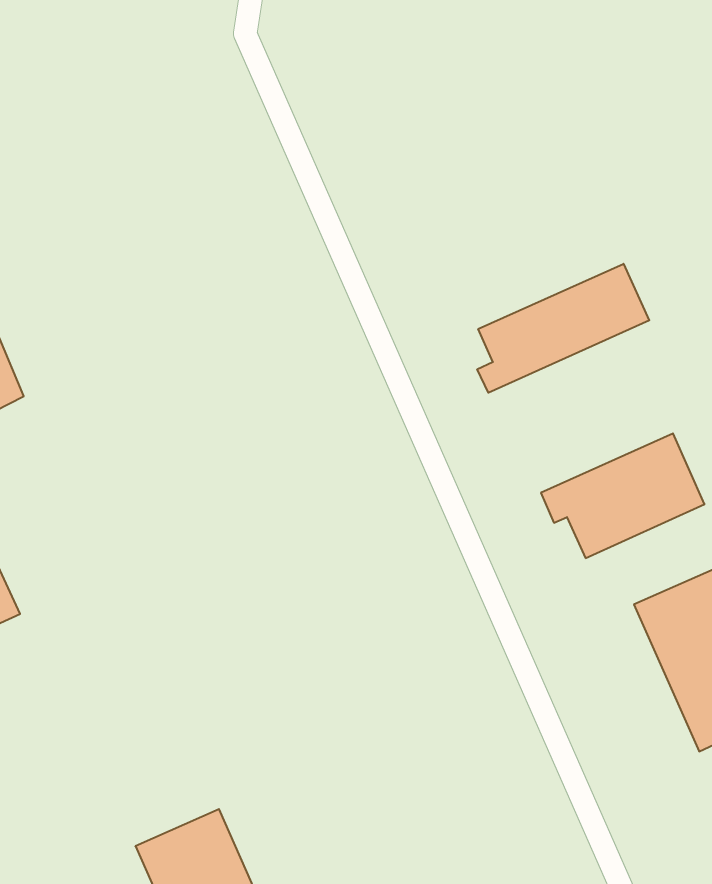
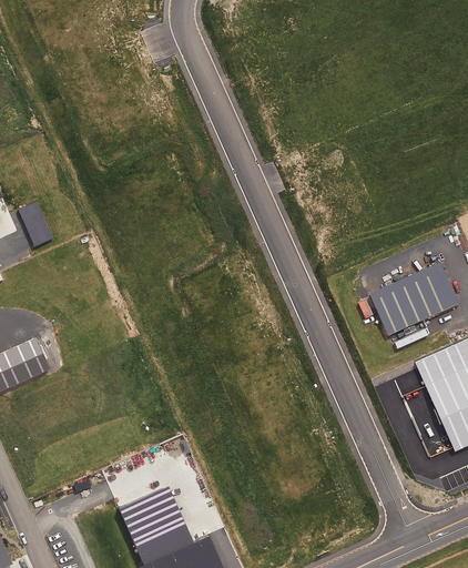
building: [477,264,649,393] -> none

